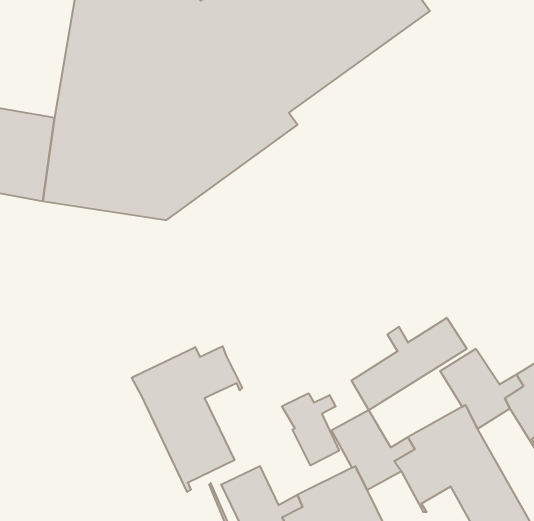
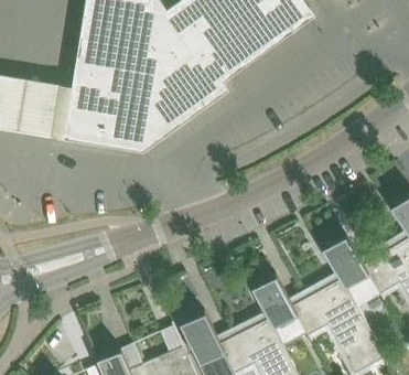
building: [352,318,467,410] -> none
building: [132,346,242,492] -> none
building: [282,393,339,465] -> none

